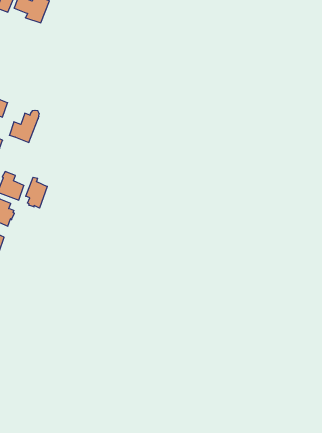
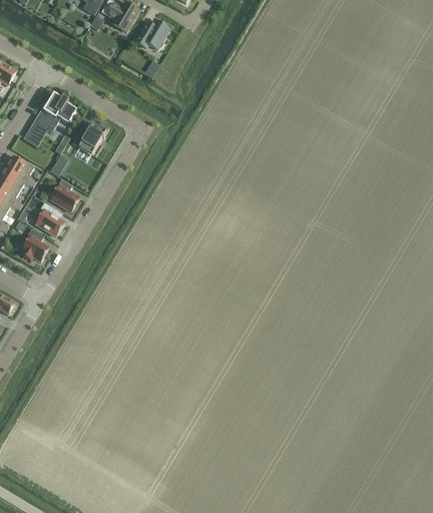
building: none -> [133,20,168,49]
building: [26,177,47,208] -> none

